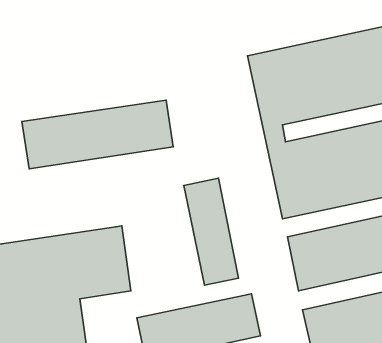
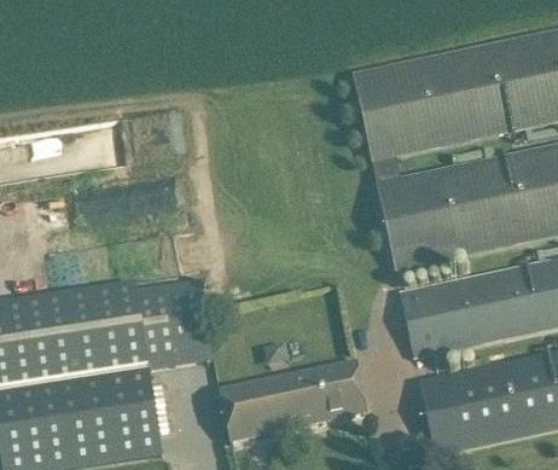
building: [22,100,173,169] -> none
building: [184,178,239,285] -> none

